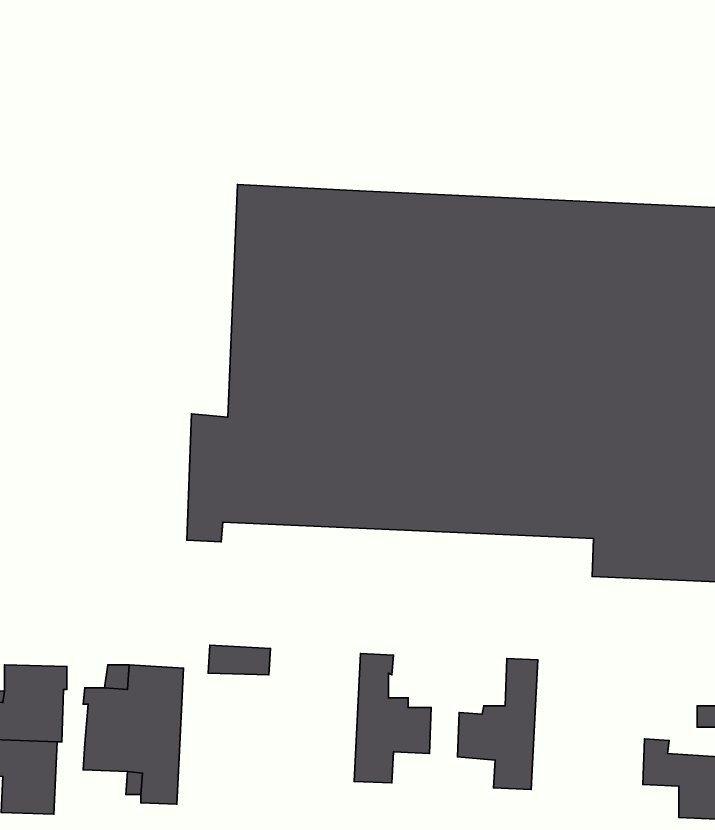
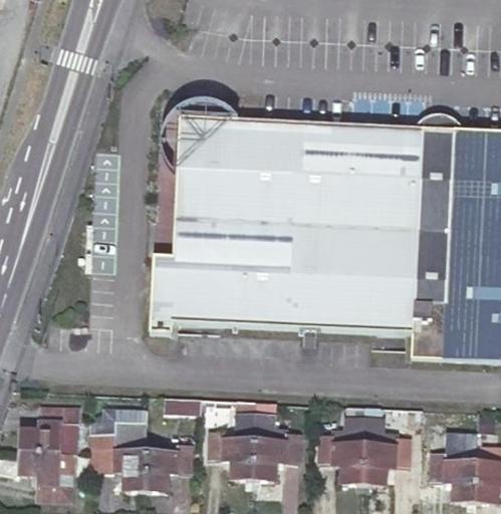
building: none -> [208,400,257,479]
building: none -> [361,405,409,484]
building: none -> [145,445,192,494]

